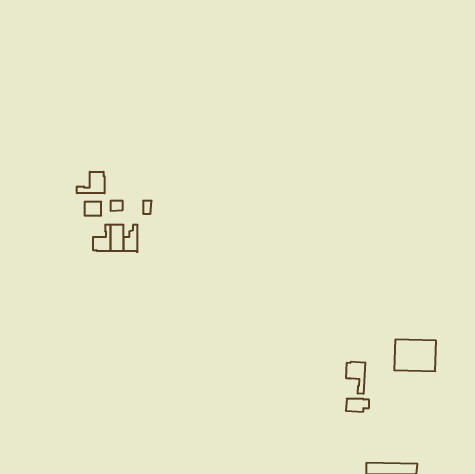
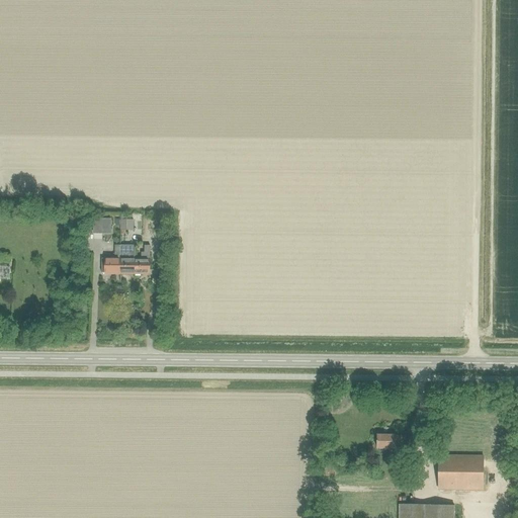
building: [77,172,105,193] -> none
building: [394,340,436,371] -> [438,455,484,490]
building: [346,362,365,394] -> none

